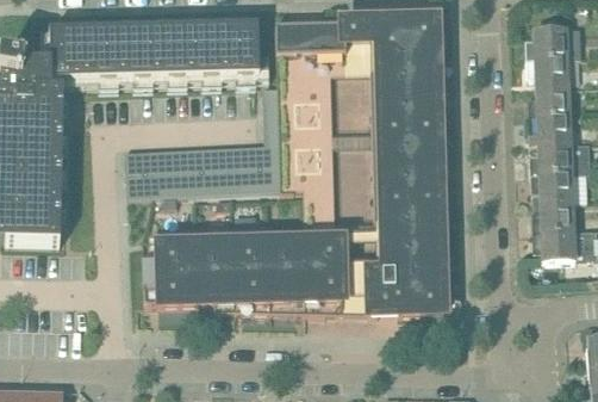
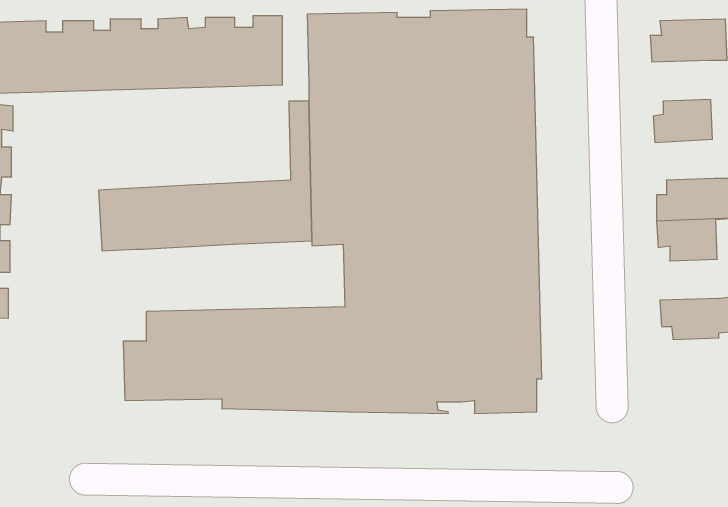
building: [527,56,569,86] -> none
building: [529,113,572,144] -> none
building: [532,200,575,230] -> none

